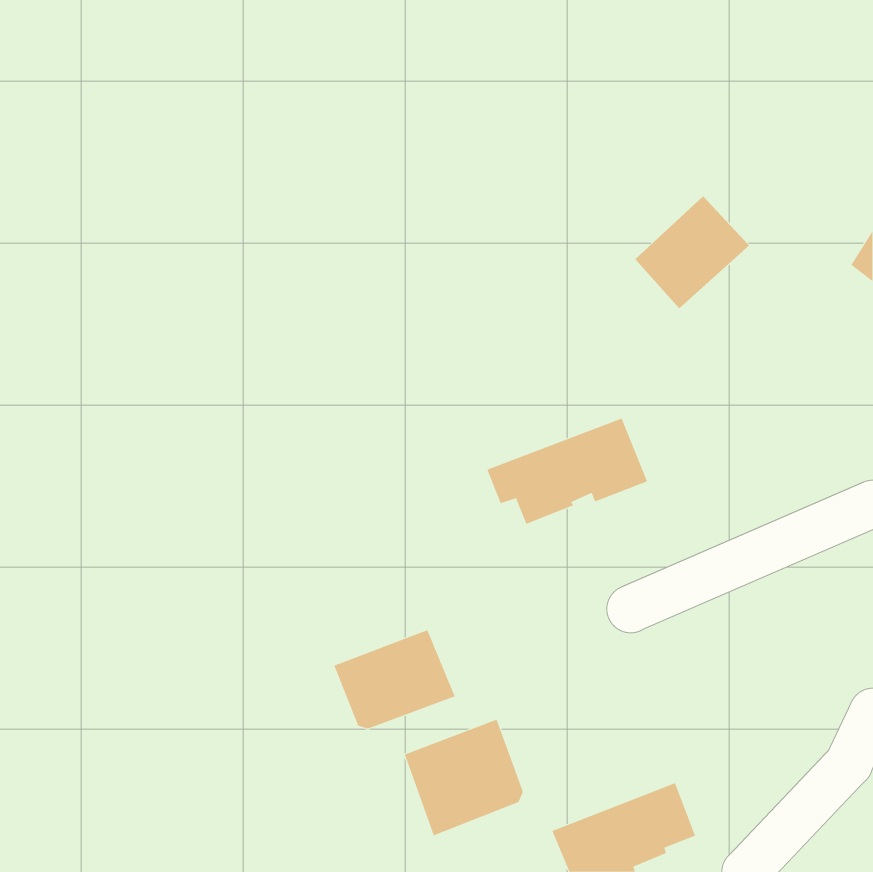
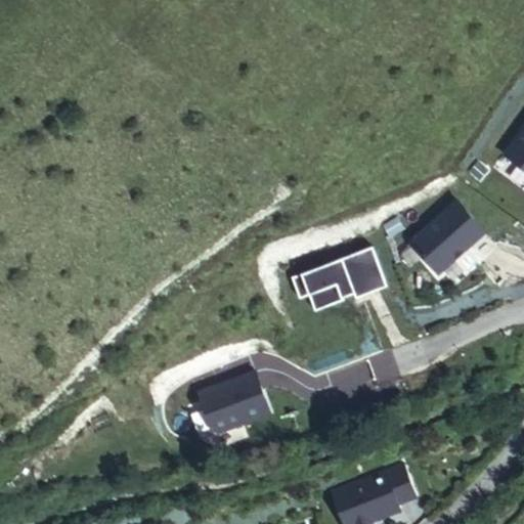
building: [635,196,750,309] -> [409,199,478,266]
building: [404,719,523,836] -> none

